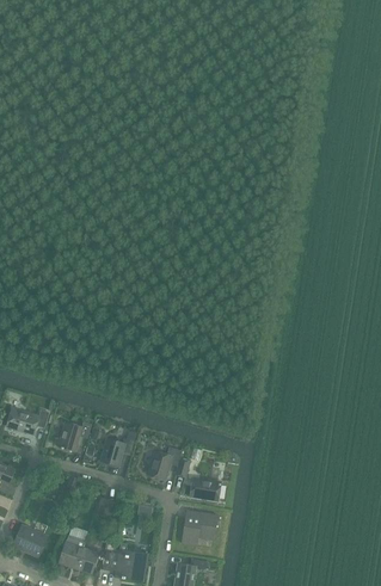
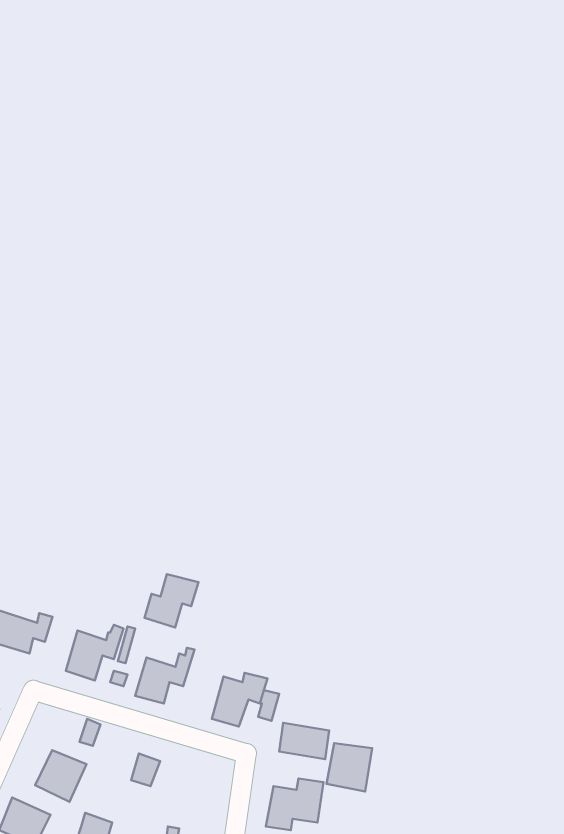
building: none -> [144,574,198,627]
building: none -> [326,743,372,791]
building: none -> [35,750,86,802]

